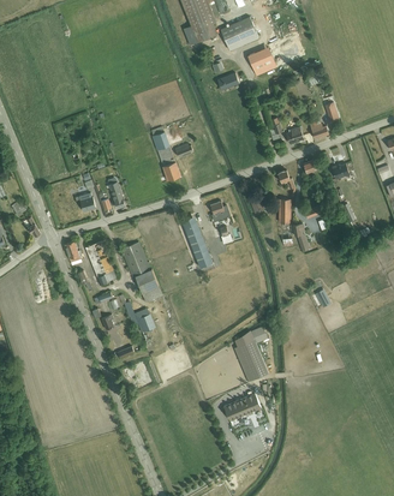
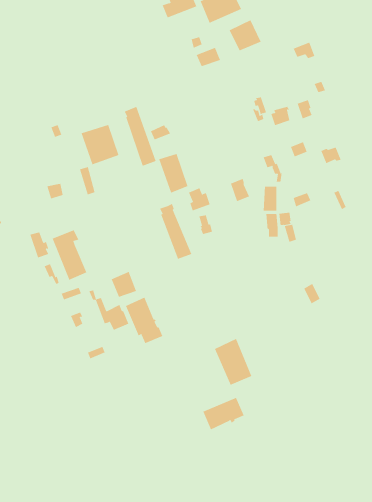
building: none -> [81,124,119,165]
building: none -> [159,153,188,193]
building: [120,241,155,285] -> [125,297,163,344]

